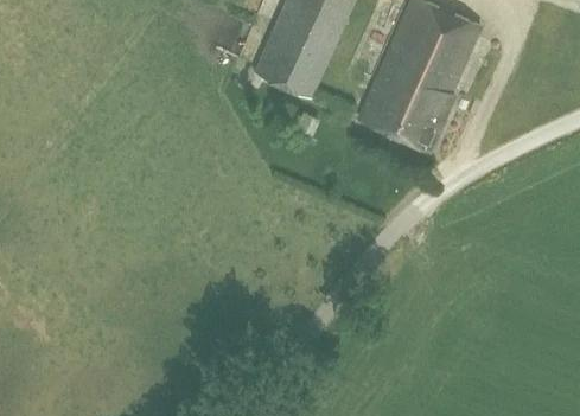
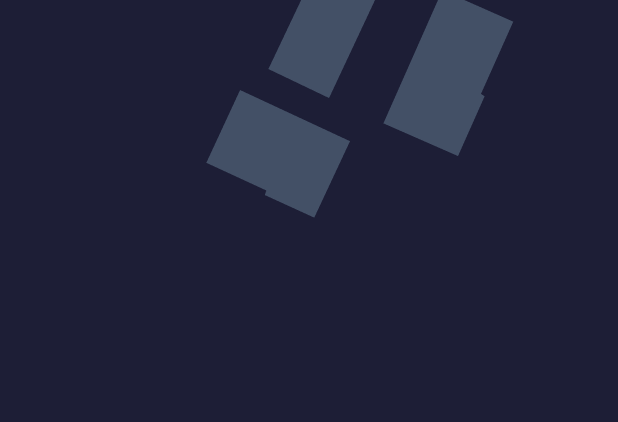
building: none -> [206,89,351,219]

